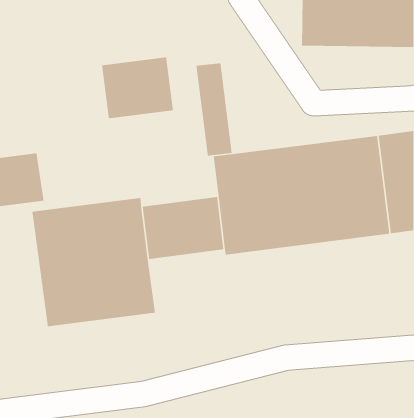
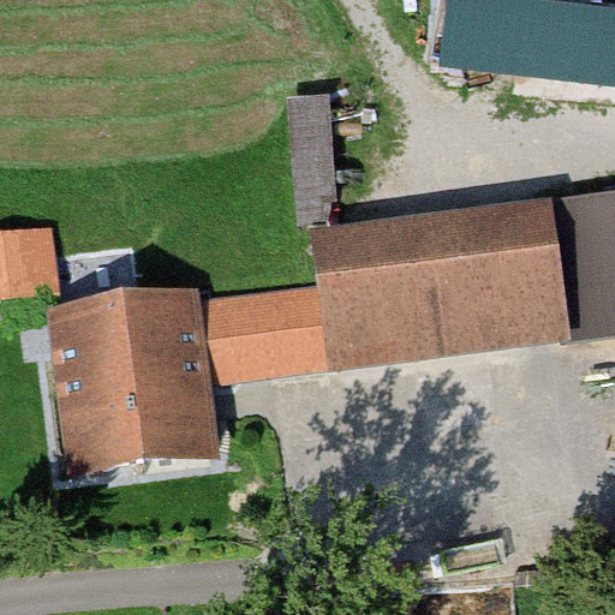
building: [101,57,174,119] -> none

